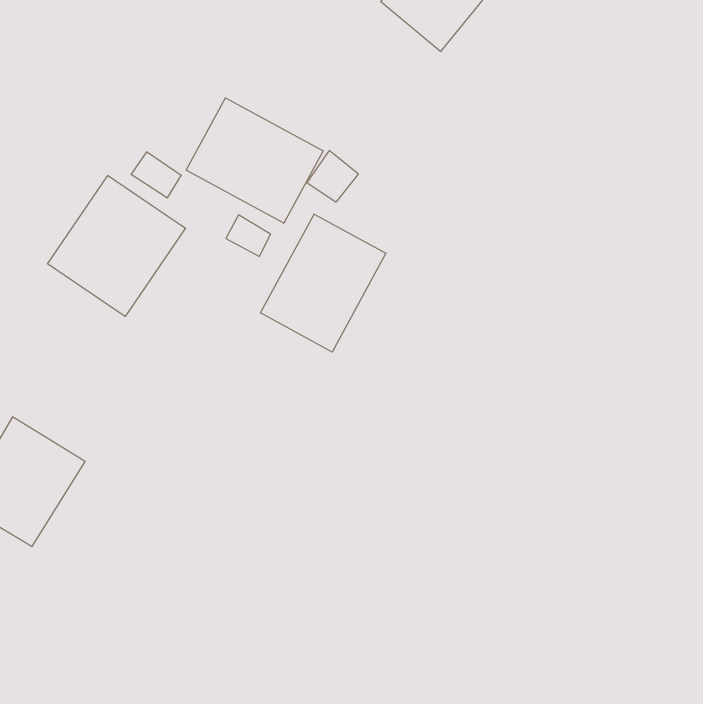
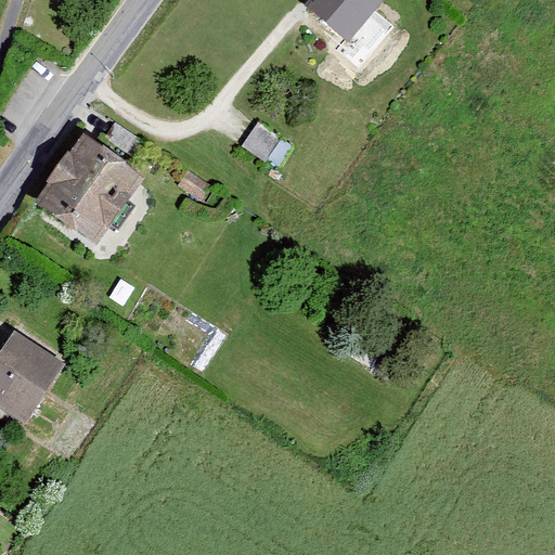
building: [186,98,323,223] -> none
building: [260,214,386,352] -> none

